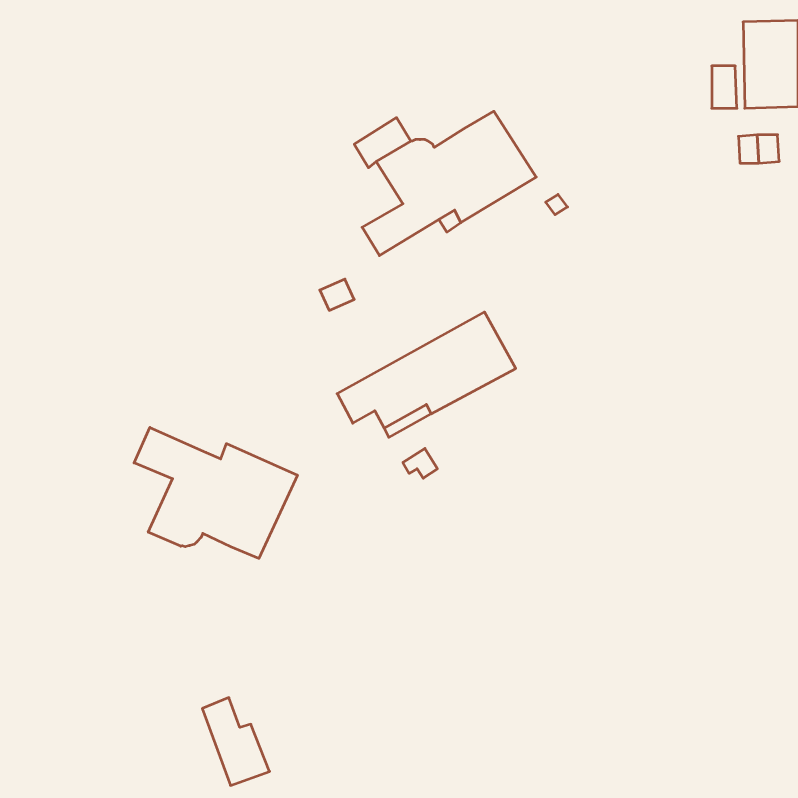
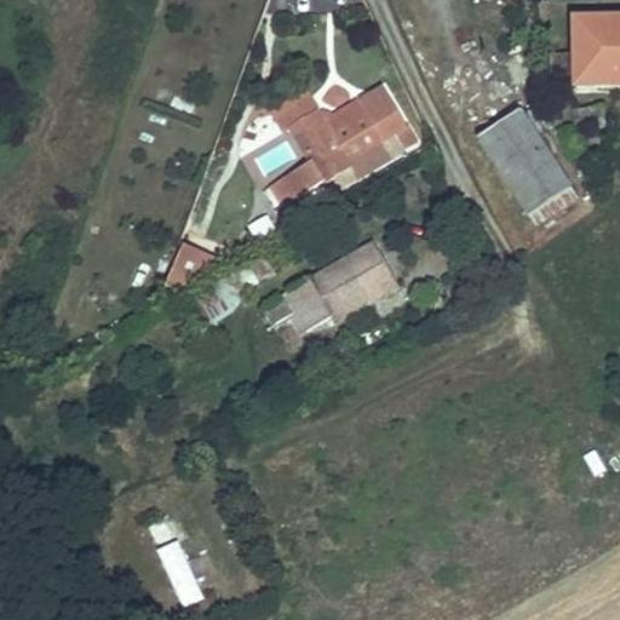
building: none -> [476,104,578,223]
building: none -> [162,243,220,291]
building: [134,427,297,558] -> none

